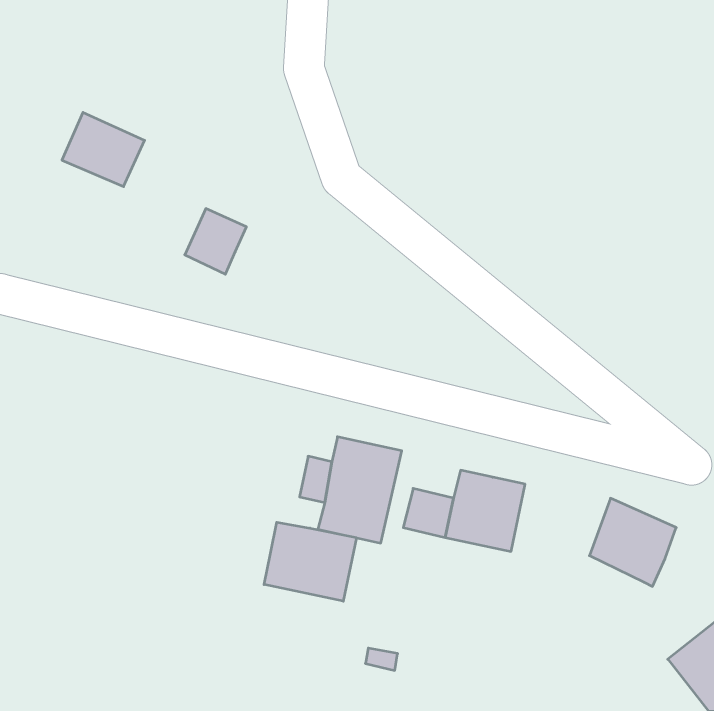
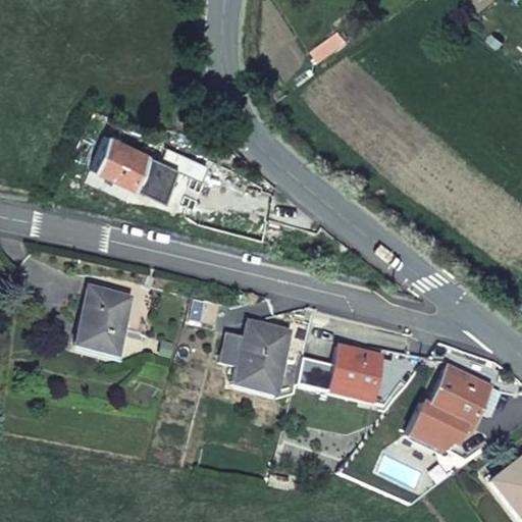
building: [62,112,145,187] -> [91,132,151,186]
building: none -> [73,282,136,358]
building: [264,522,356,601] -> none
building: none -> [409,402,470,454]

